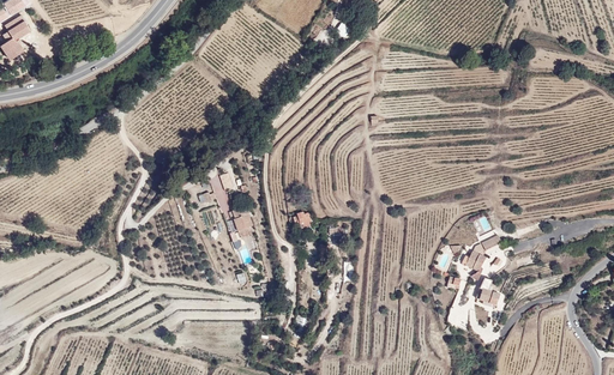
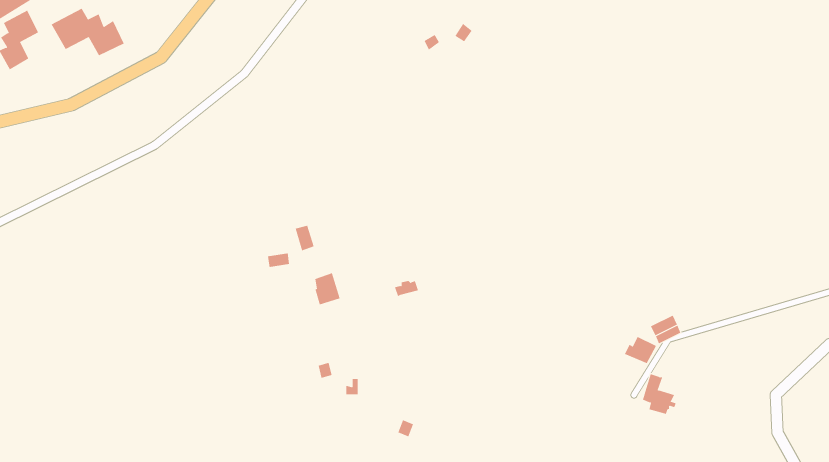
building: none -> [51,8,125,56]

